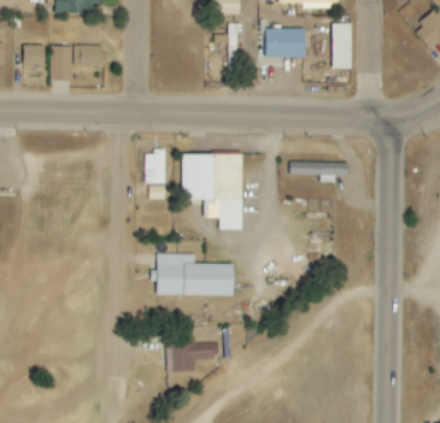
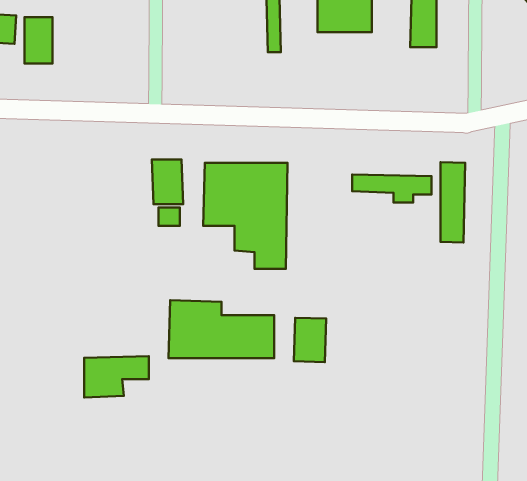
building: [72,46,104,66] -> none
building: none -> [440,162,465,242]
building: none -> [294,318,326,362]
building: [166,342,213,372] -> [84,356,149,397]

